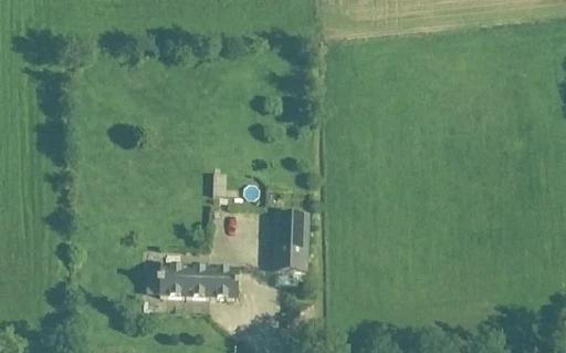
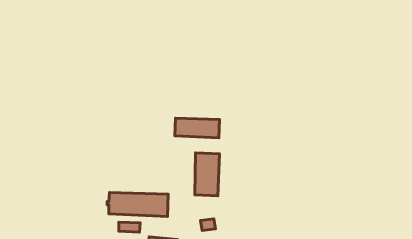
building: none -> [175,118,219,138]

